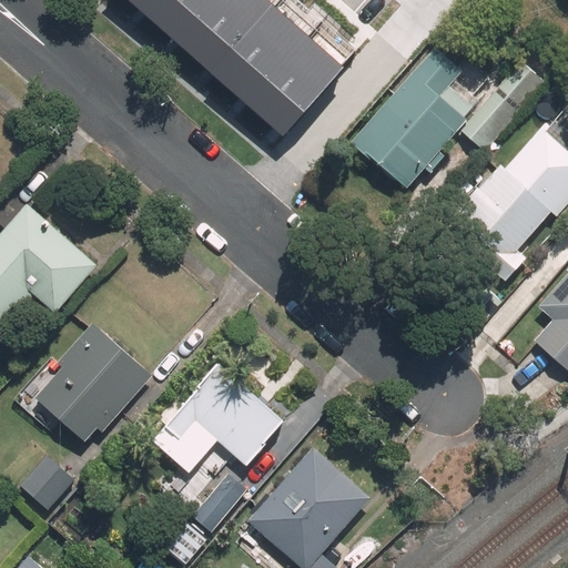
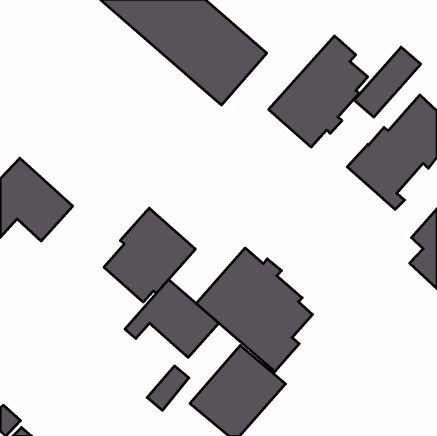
building: [32,322,151,444] -> [104,208,195,302]
building: none -> [196,248,313,372]
building: [18,454,77,513] -> none

